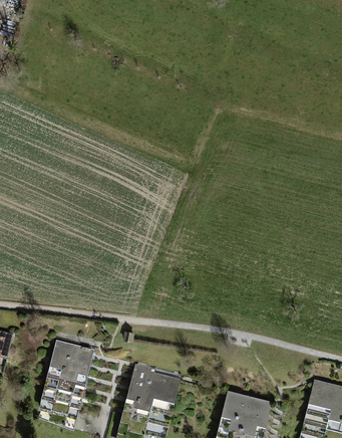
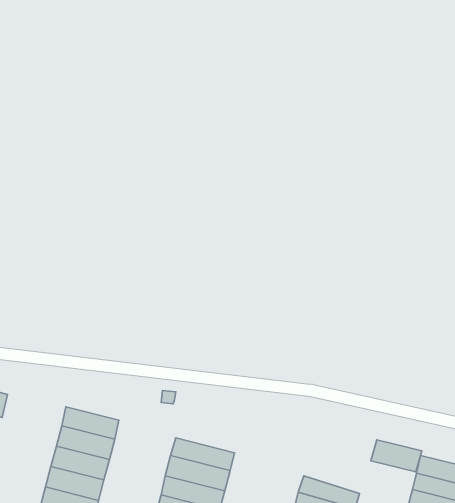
building: none -> [371,440,422,472]

